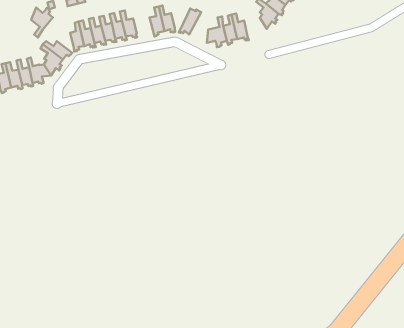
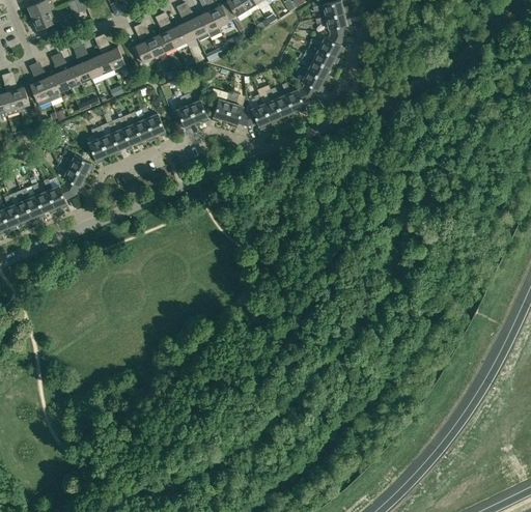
building: [31,7,53,37] -> none
building: none -> [281,83,312,112]
building: none -> [224,93,246,129]

